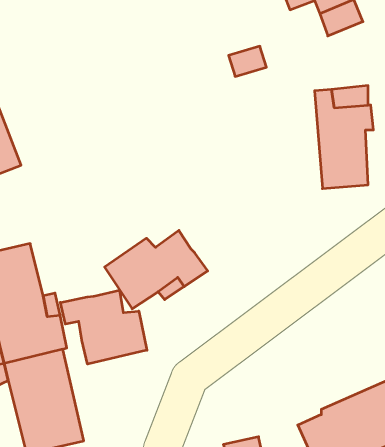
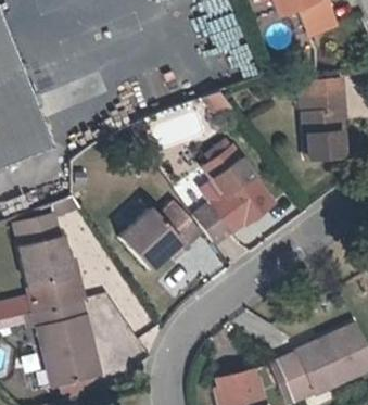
building: none -> [194,149,275,248]
building: [60,290,147,364] -> none

